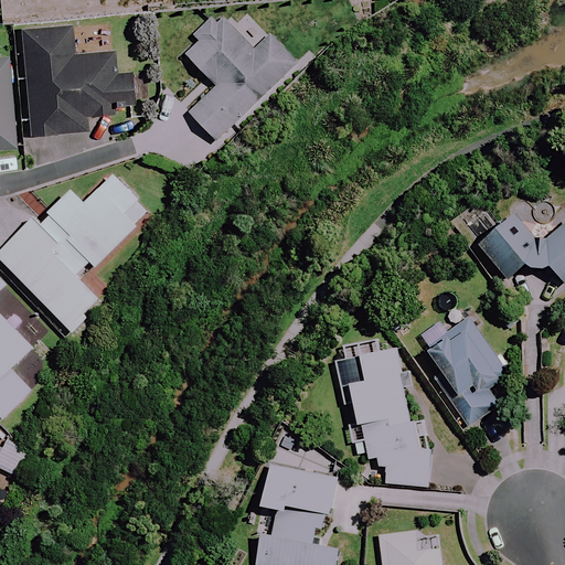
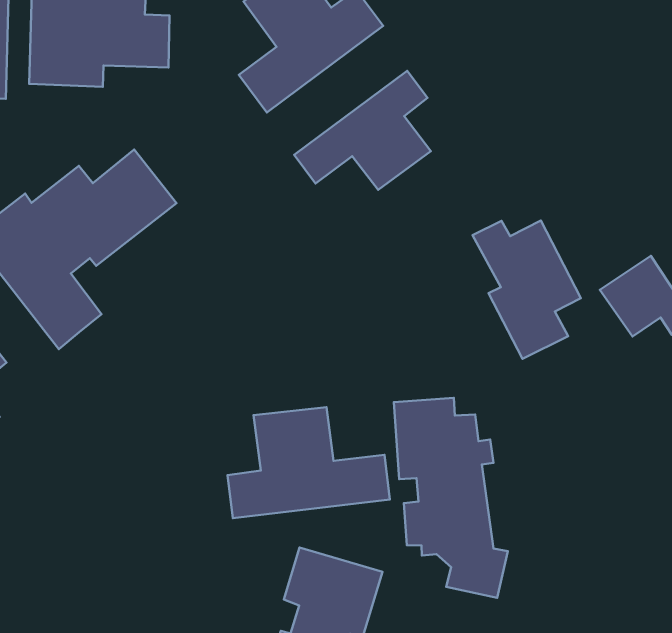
building: none -> [294,71,431,190]
building: [418,317,505,424] -> [473,220,581,359]
building: none -> [228,407,390,518]

